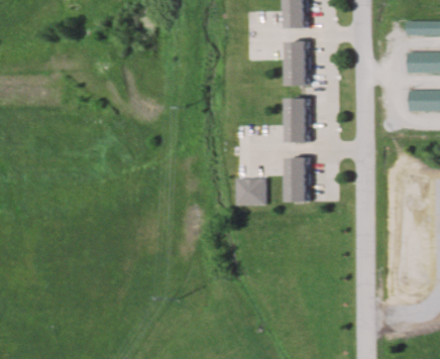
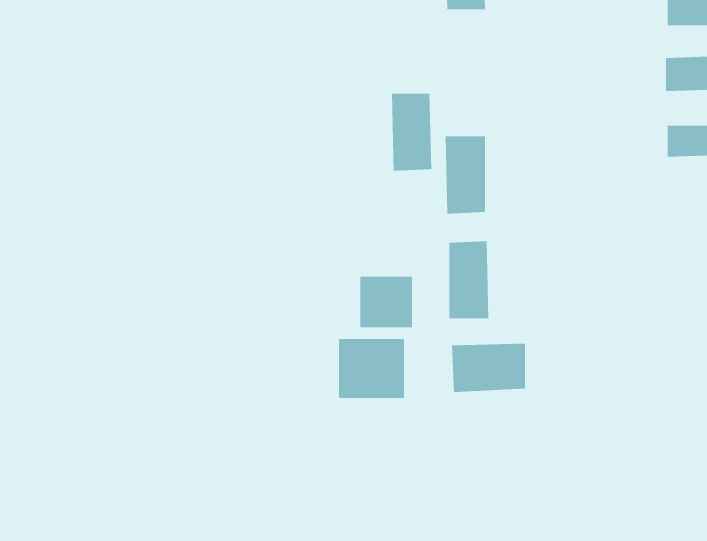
building: [284,40,307,85] -> [391,93,432,171]
building: none -> [339,338,404,399]
building: none -> [451,343,526,393]

